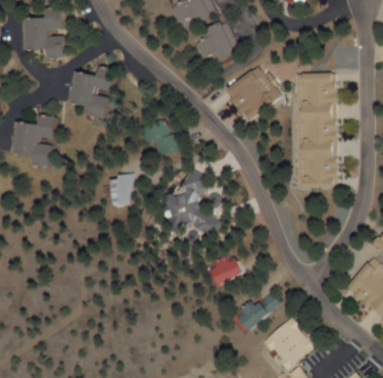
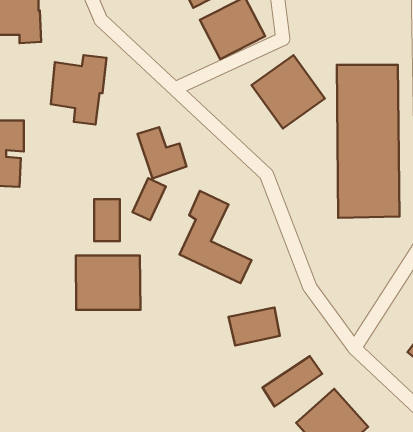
building: none -> [132,178,166,220]
building: none -> [76,255,140,310]

